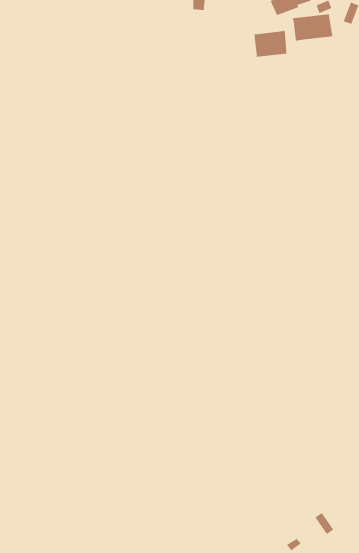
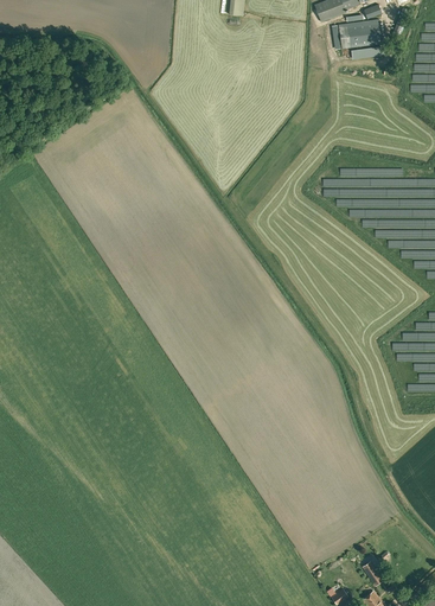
building: [254,30,287,58] -> none

